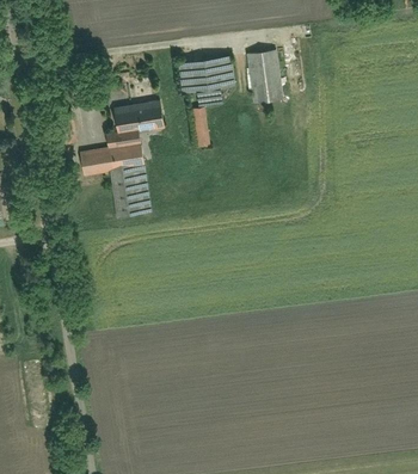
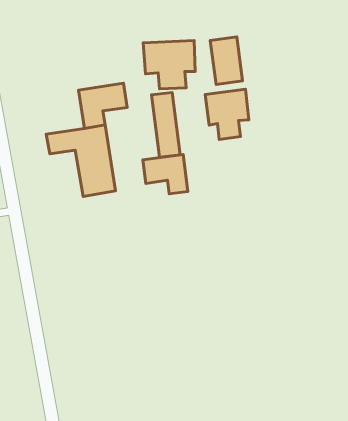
building: none -> [205,89,249,139]
building: none -> [143,155,188,194]

